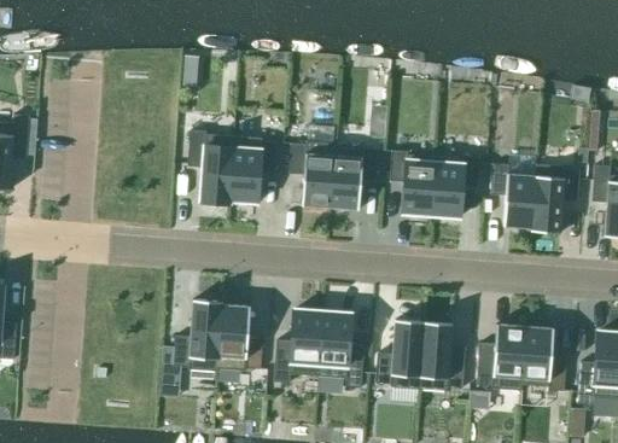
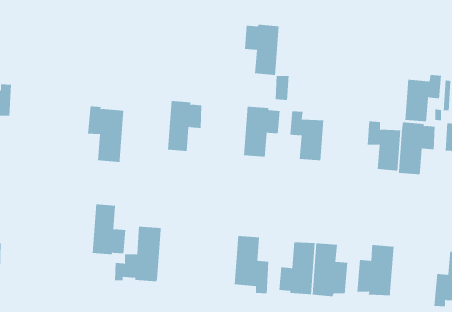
building: [187,130,235,204] -> [87,106,124,163]
building: [288,141,334,208] -> [244,24,279,75]
building: [431,156,479,217] -> [405,74,442,122]
building: [218,304,263,371] -> [92,204,126,255]
building: [274,309,322,383] -> none
building: [521,326,566,391] -> none

